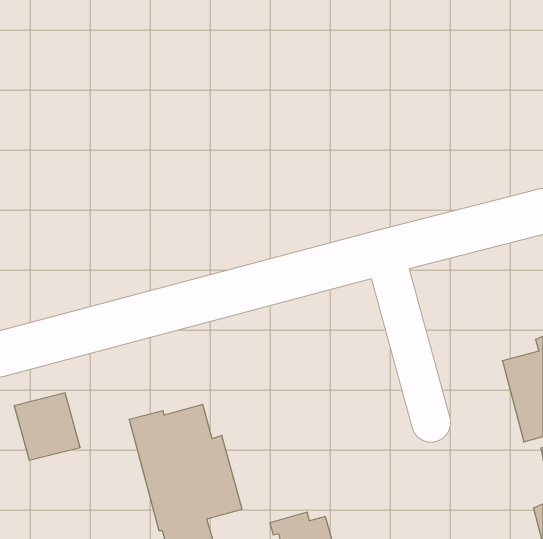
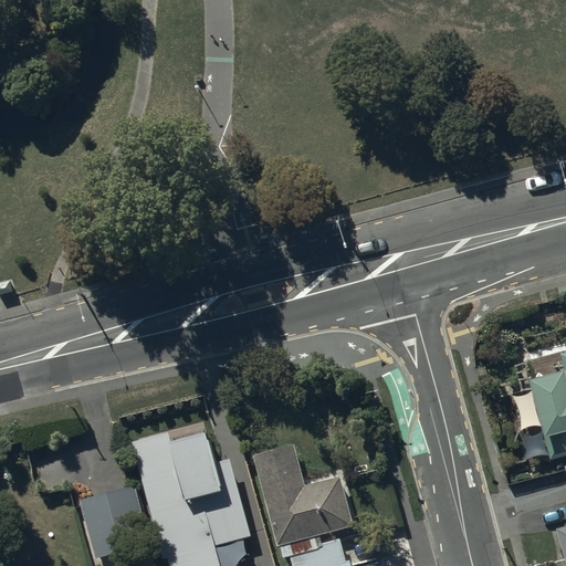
building: [14,393,80,460] -> [81,489,149,558]
building: none -> [253,444,353,546]

